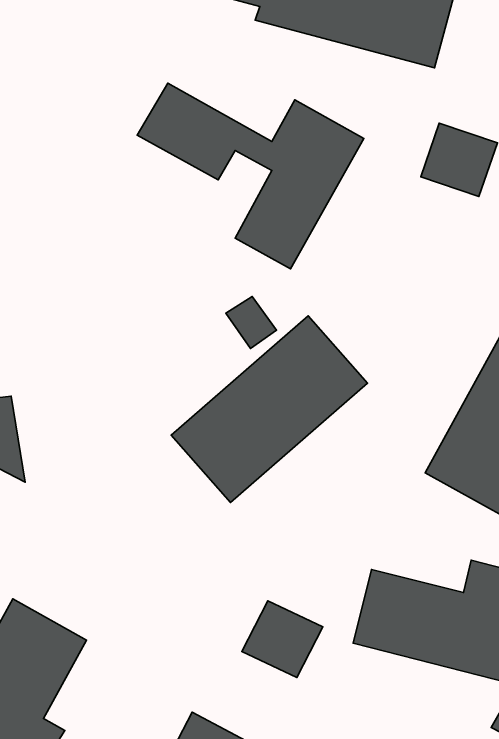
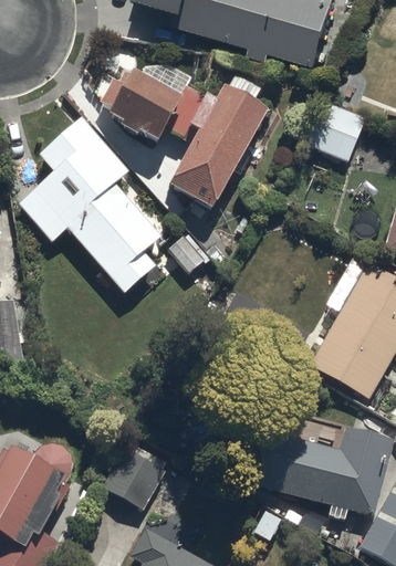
building: none -> [22,126,154,290]
building: [171,316,368,503] -> none
building: [242,601,323,678] -> [102,453,160,509]

